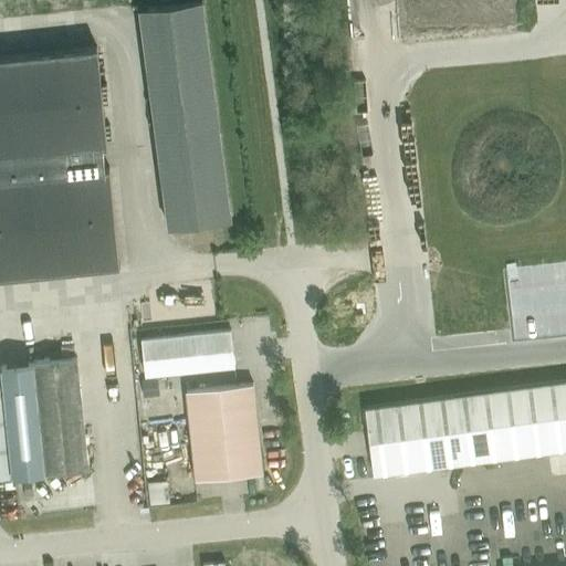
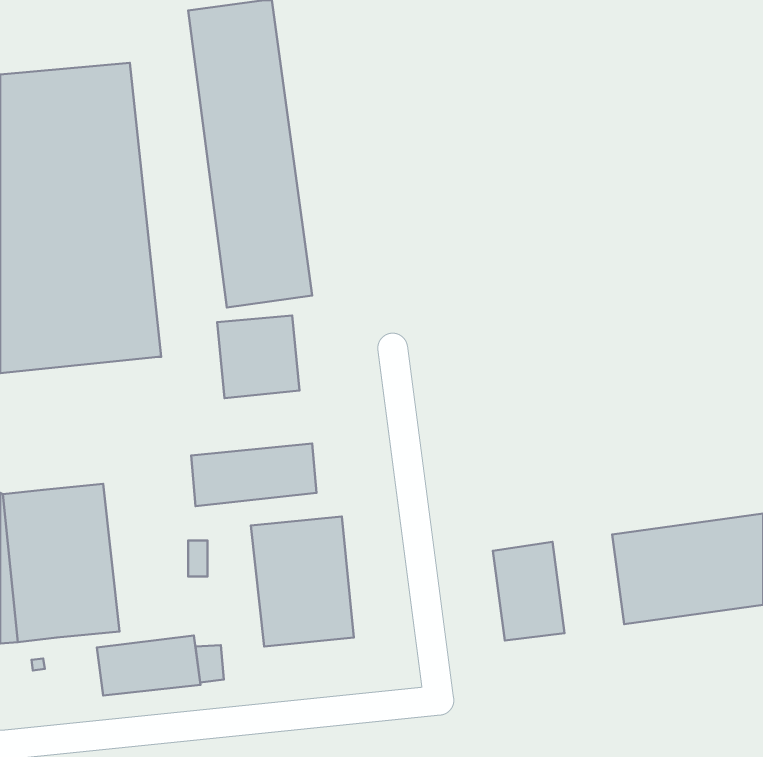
building: none -> [217,316,299,398]
building: [409,400,462,473] -> none
building: none -> [97,635,200,695]

